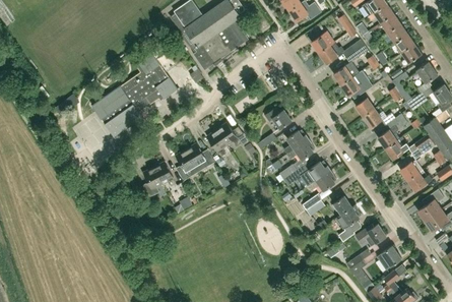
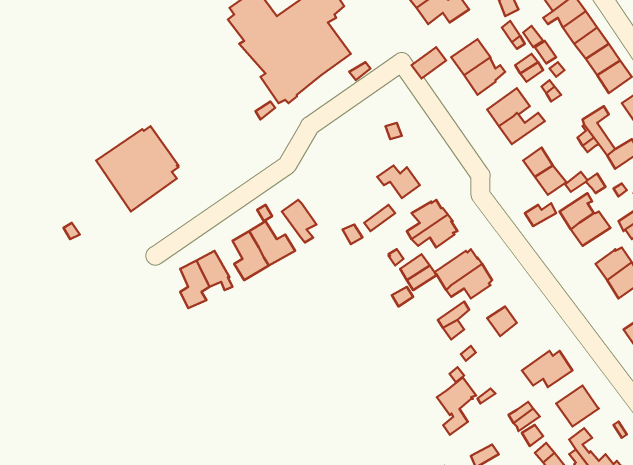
building: [125,53,177,109] -> none
building: [216,123,249,146] -> none
building: [335,206,360,242] -> [437,377,476,435]

